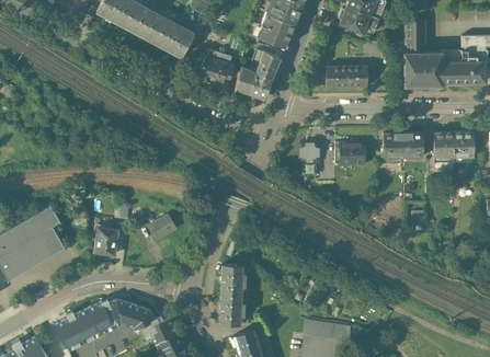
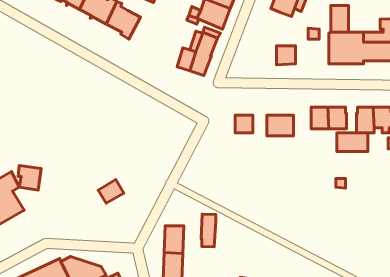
building: [198,50,232,85] -> none
building: [324,67,345,88] -> none
building: none -> [337,133,368,151]
building: [92,229,117,256] -> [18,166,41,190]
building: none -> [201,214,216,247]

